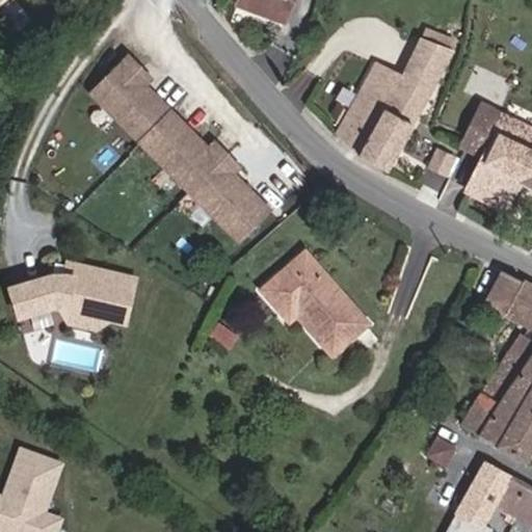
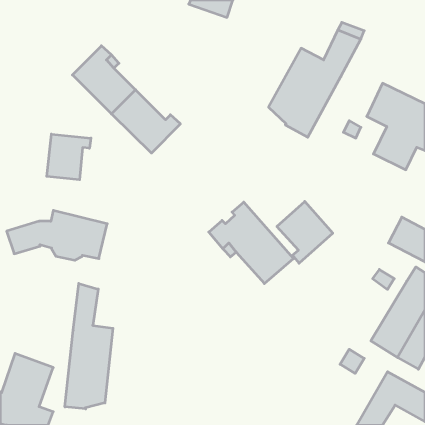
building: [189,155,268,240] -> none
building: none -> [47,134,91,180]
building: none -> [277,201,333,263]
building: none -> [65,283,113,409]

